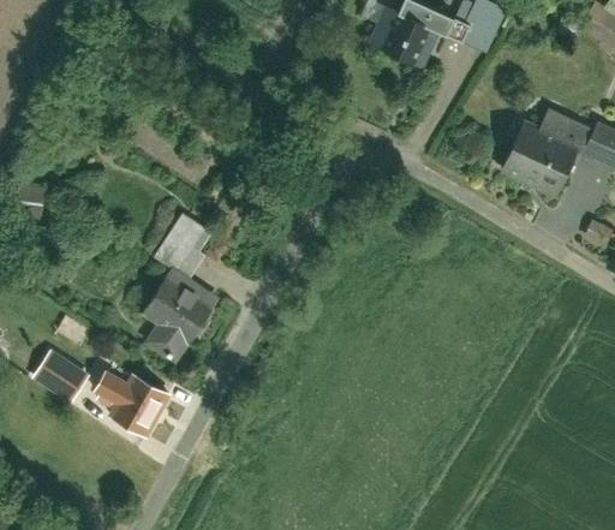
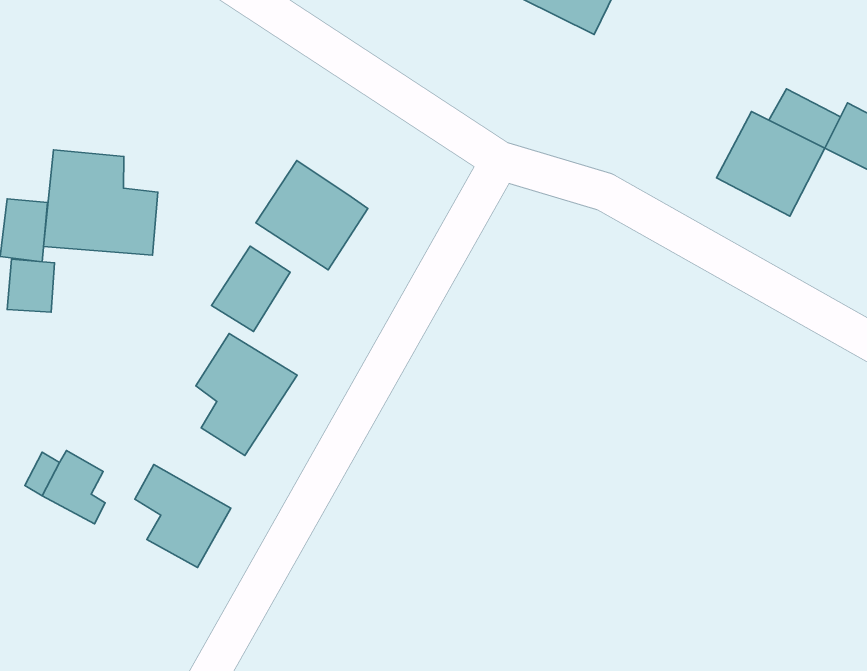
building: none -> [43,150,158,255]
building: none -> [256,161,368,270]
building: none -> [7,259,55,312]

